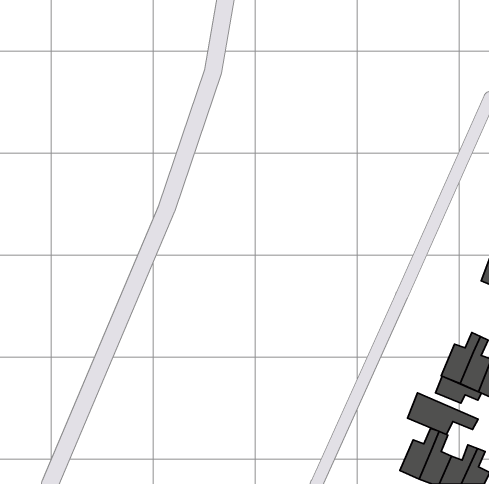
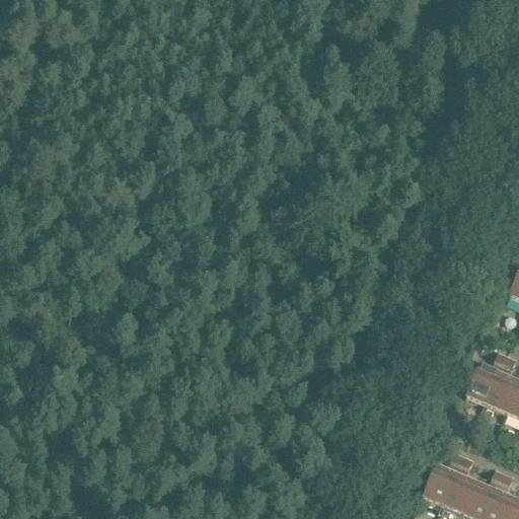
building: [435,376,481,403] -> none
building: [407,393,478,434] -> none

